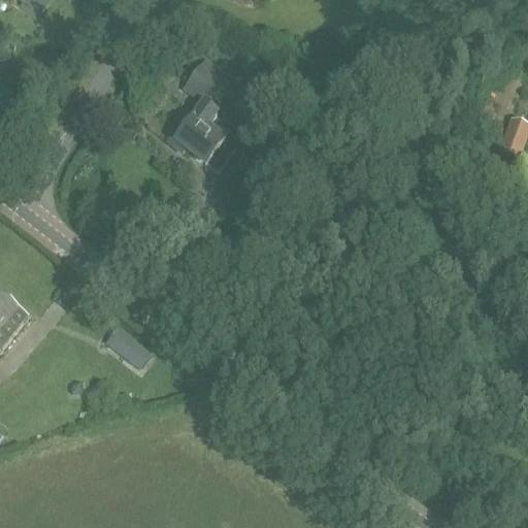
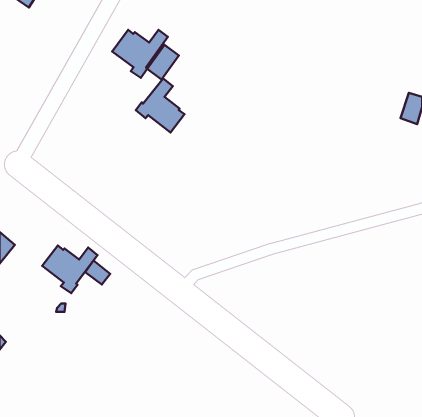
building: none -> [112,30,168,78]
building: none -> [42,245,98,293]

